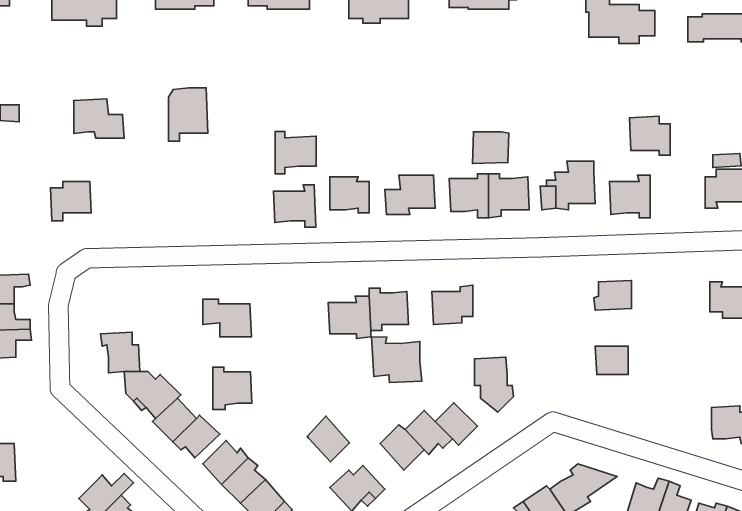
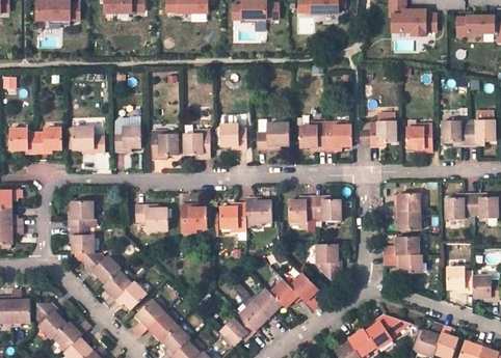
building: [169,88,208,141] -> [114,117,140,153]
building: [74,99,124,138] -> [71,127,104,153]
building: [629,116,670,155] -> [441,119,468,145]
building: [275,131,316,174] -> [151,131,178,159]
building: [473,132,509,163] -> none
building: none -> [8,129,35,154]
building: none -> [445,194,471,219]
building: none -> [314,196,340,221]
building: none -> [68,201,93,228]
building: none -> [395,212,420,230]
building: [372,337,422,383] -> none
building: [213,367,252,409] -> [180,204,206,232]
building: none -> [399,255,421,274]
building: none -> [446,268,472,293]
building: [307,416,349,462] -> [240,301,268,331]
building: none -> [10,300,30,326]
building: none -> [35,303,67,339]

